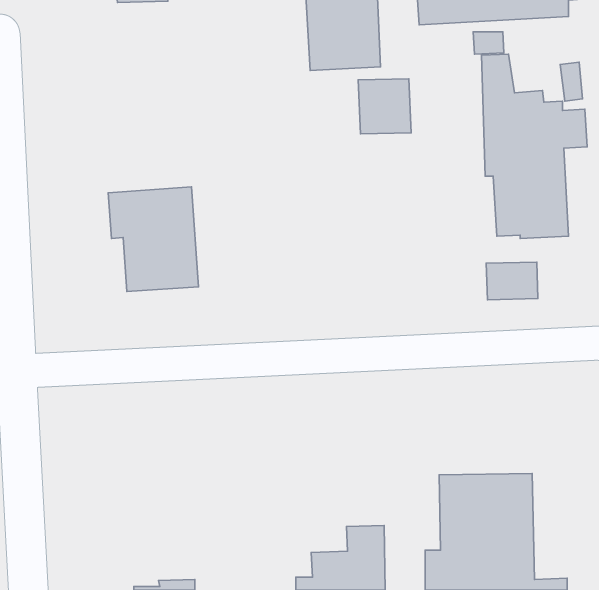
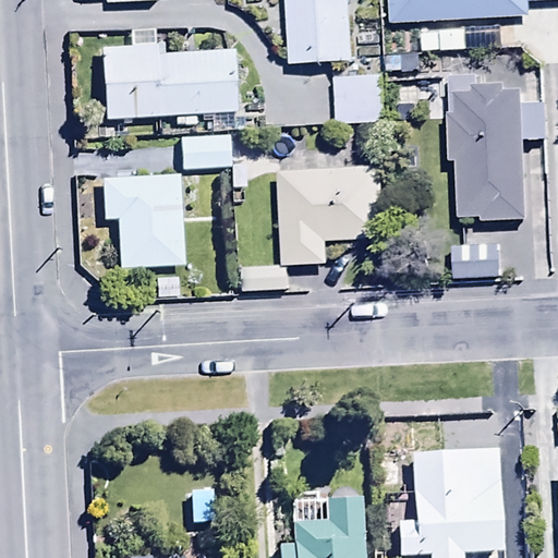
building: none -> [101,43,238,118]
building: none -> [180,133,230,168]
building: none -> [243,169,390,292]

